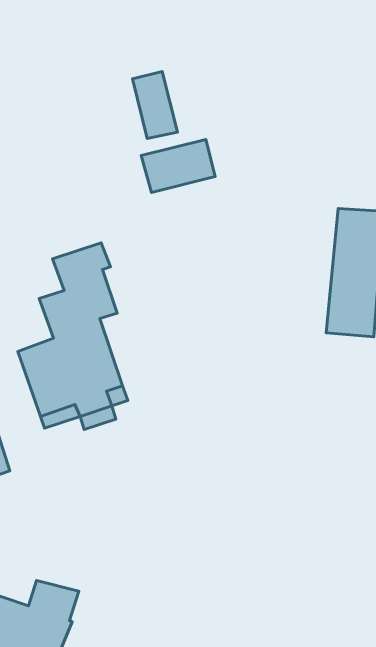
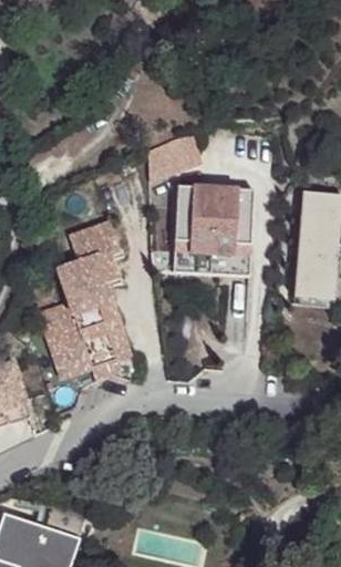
building: [132,72,178,138] -> none
building: none -> [176,184,258,276]

